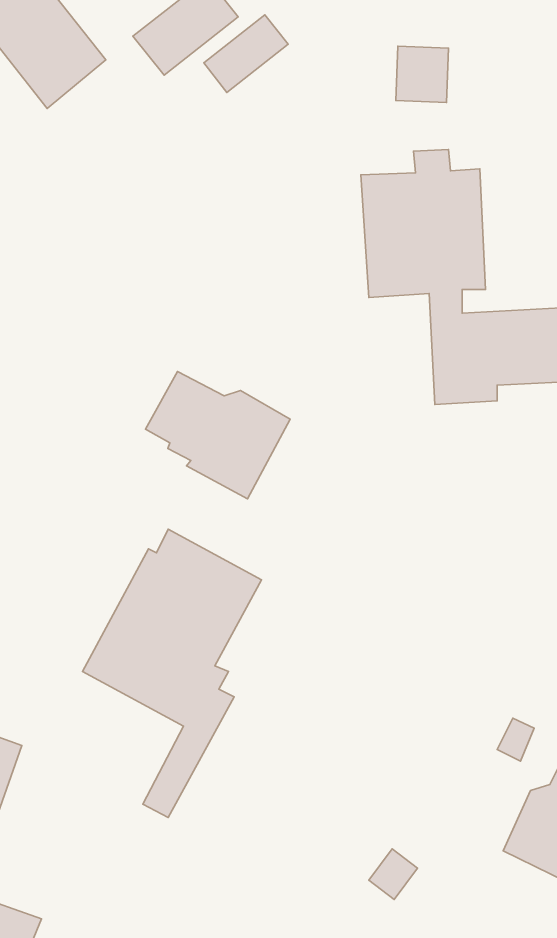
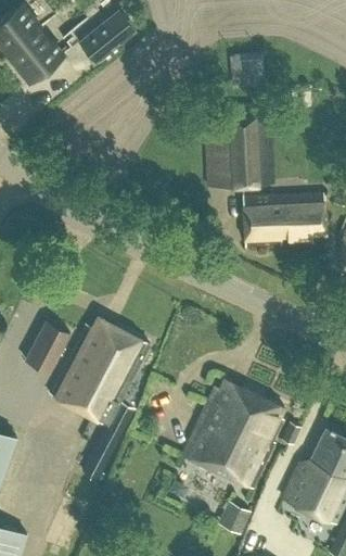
building: [204,15,288,93] -> none
building: [145,371,290,499] -> none
building: none -> [24,321,69,374]
building: none -> [182,380,285,489]

